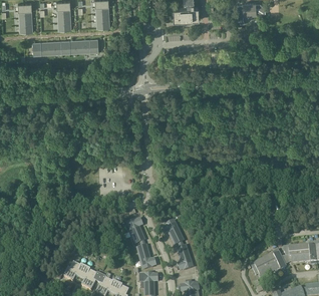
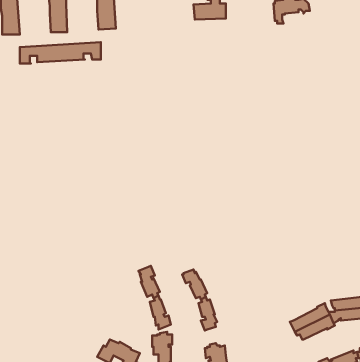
building: [62,261,105,289] -> none

